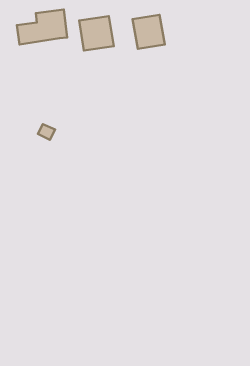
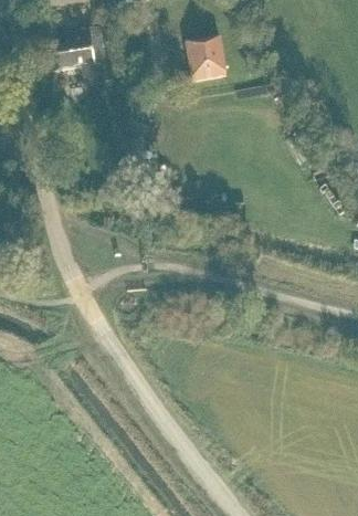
building: [79,16,114,50] -> none

